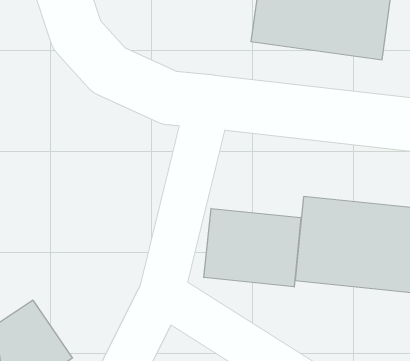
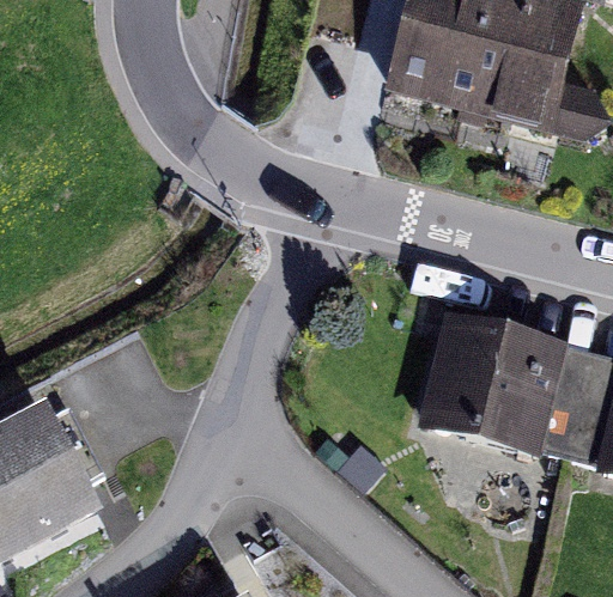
building: [204,208,301,287] -> none

